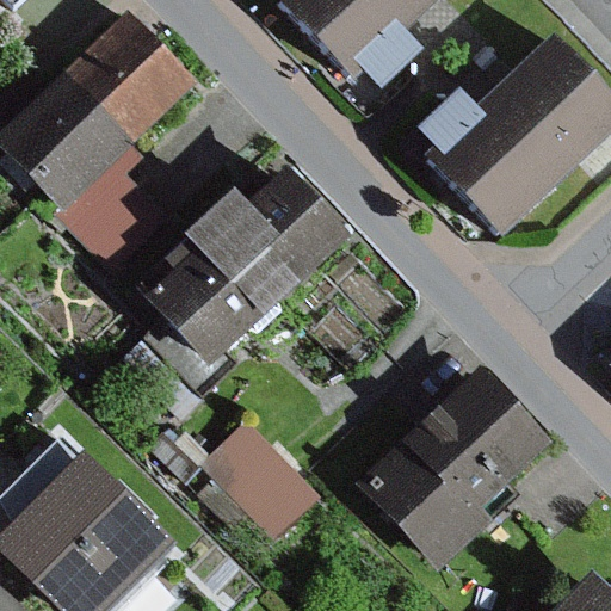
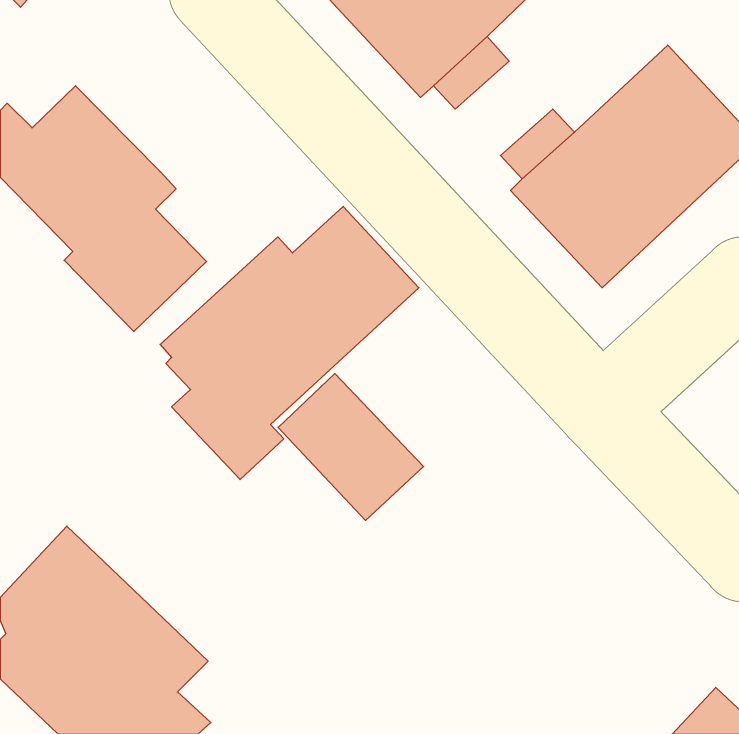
building: [66,8,199,141] -> none
building: [354,365,553,570] -> none
building: [202,416,321,537] -> [278,374,424,520]

